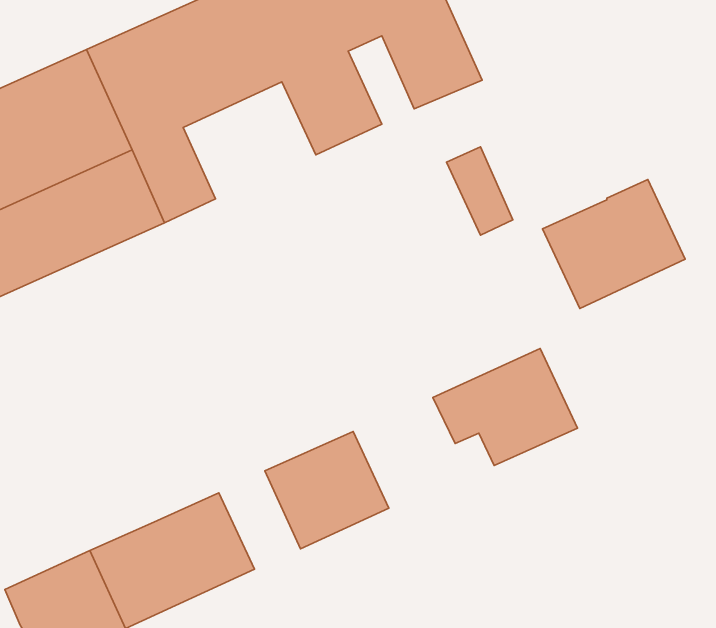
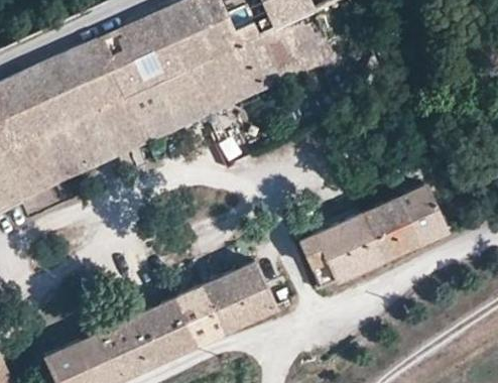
building: none -> [153,57,232,127]
building: [447,147,513,235] -> [251,30,290,83]
building: [542,179,685,309] -> [365,186,450,263]
building: none -> [174,288,223,347]

